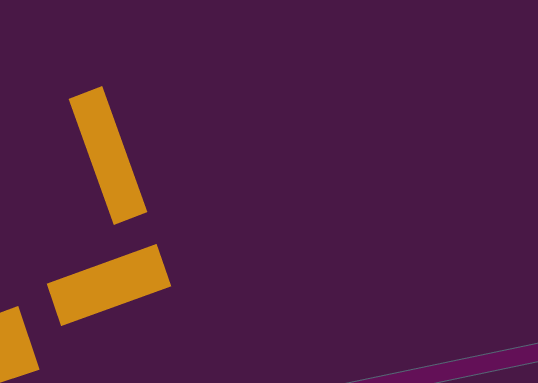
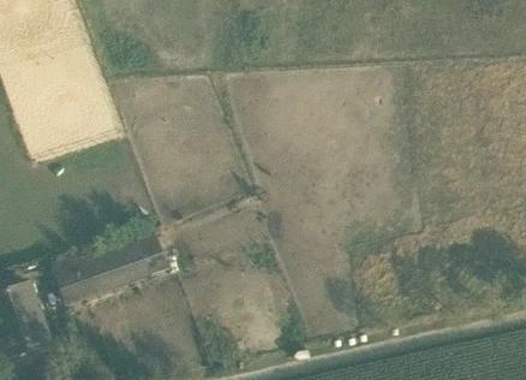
building: [68,85,148,226] -> none

